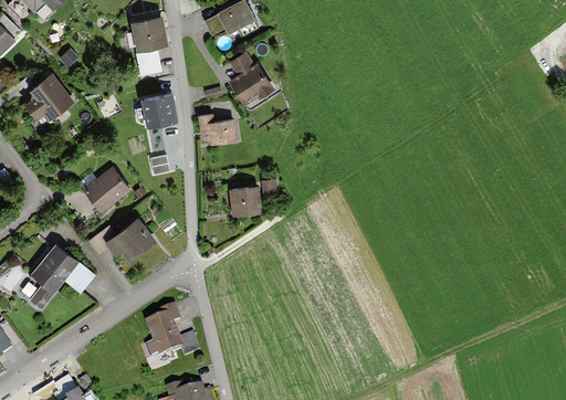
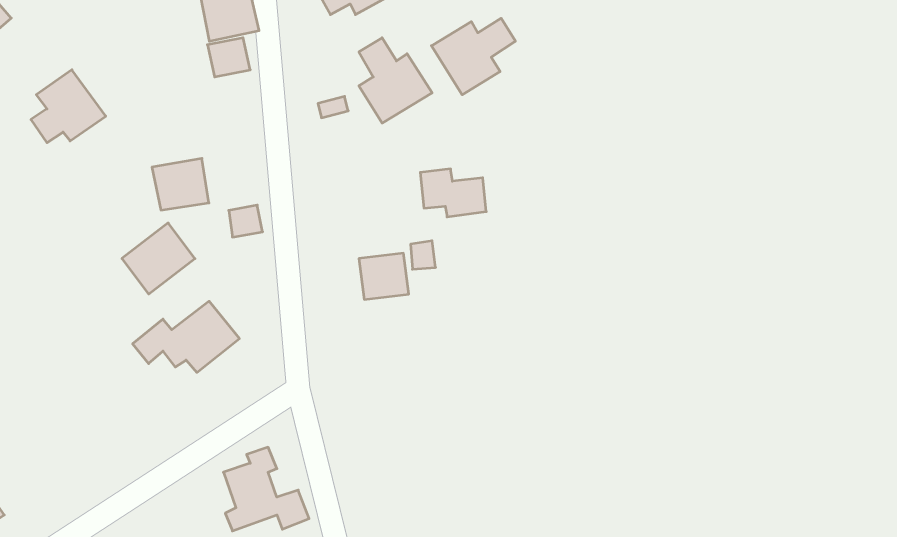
building: none -> [431,18,515,95]
building: [142,94,177,126] -> [152,158,209,210]
building: [198,114,239,144] -> [420,169,486,217]
building: [28,244,92,308] -> none

